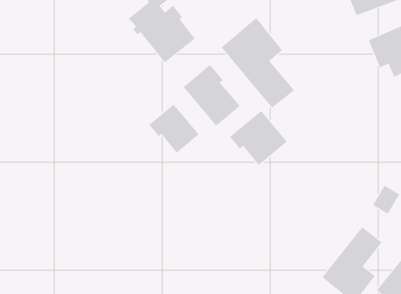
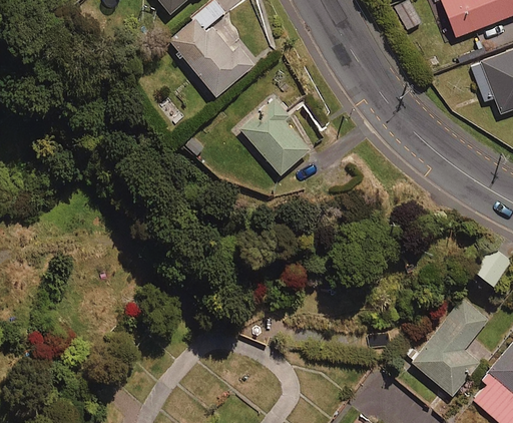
building: [221,17,295,109] -> none
building: [148,104,199,154] -> none
building: [229,110,288,166] -> none

